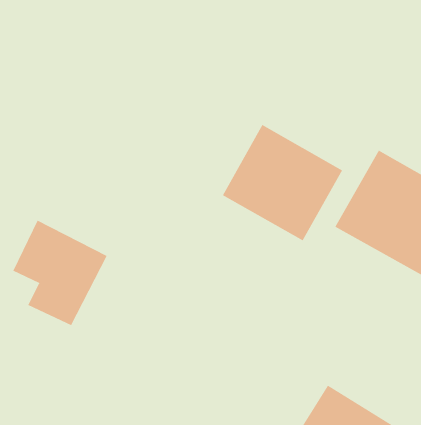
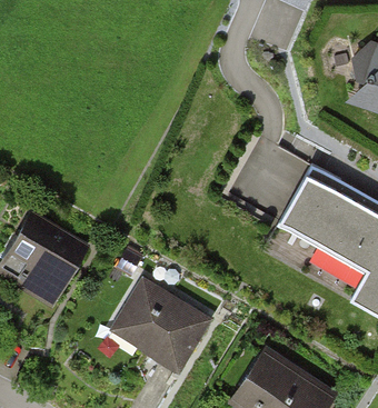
building: [222,124,343,241] -> none
building: none -> [111,278,211,371]

